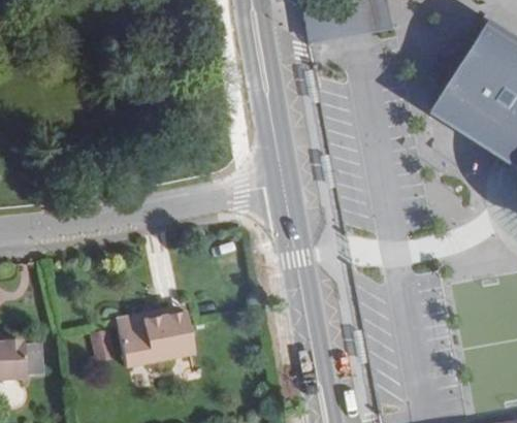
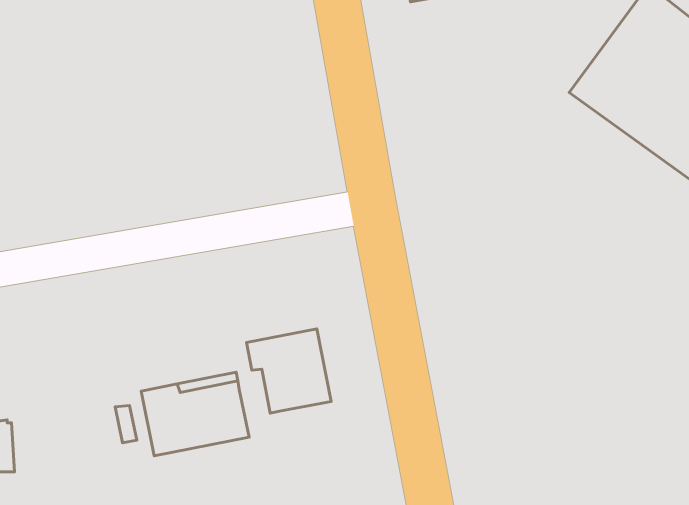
building: none -> [247,329,331,413]

